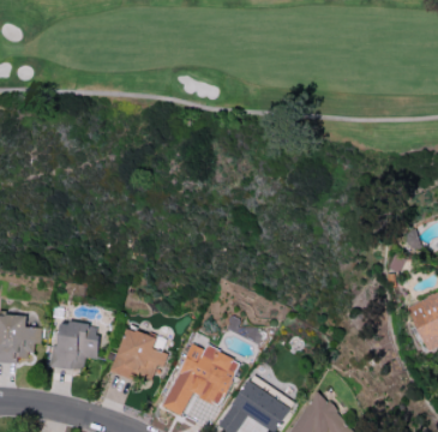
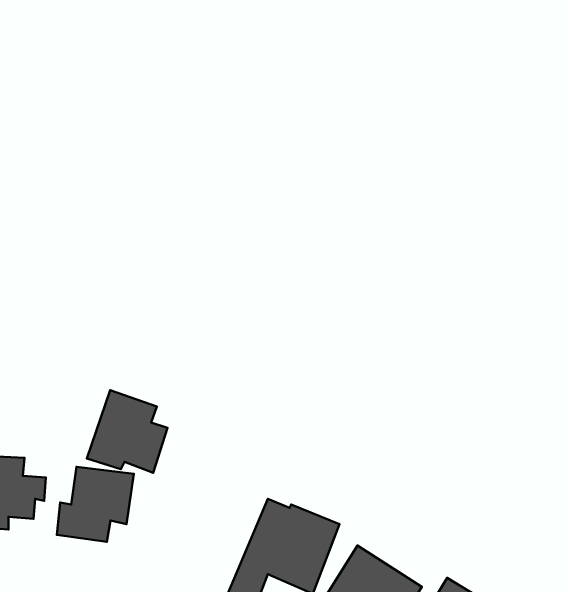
building: [110,326,164,382] -> [87,390,167,473]

